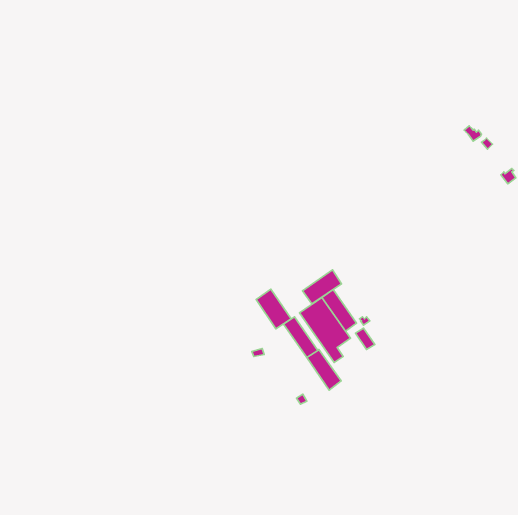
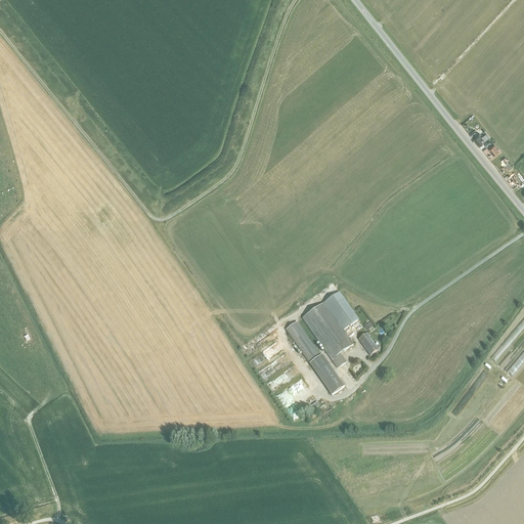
building: [303,270,342,304] -> none
building: [256,289,291,329] -> none

